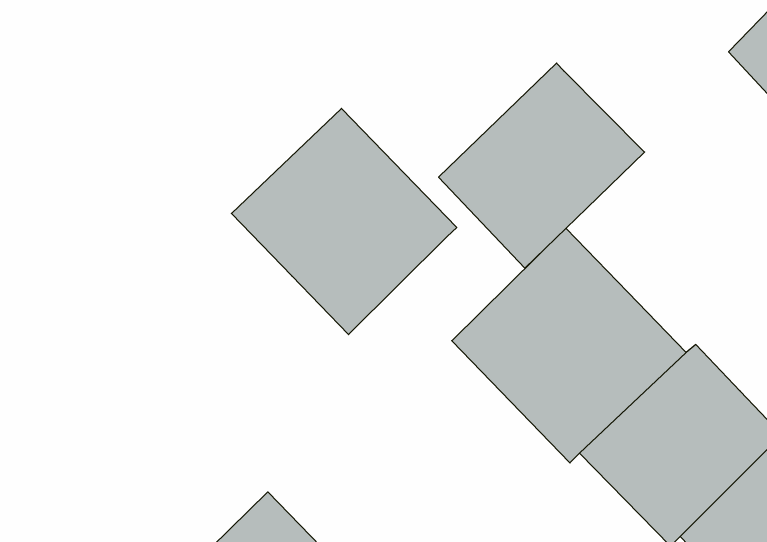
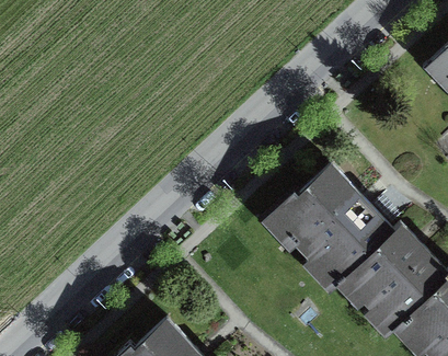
building: [439,63,645,268] -> none
building: [231,108,457,335] -> none

